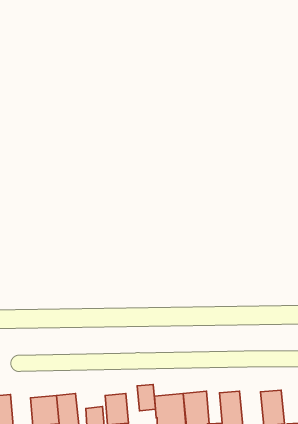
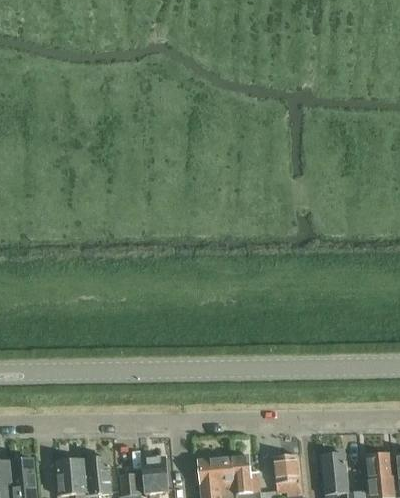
building: [137,384,156,411] -> none

